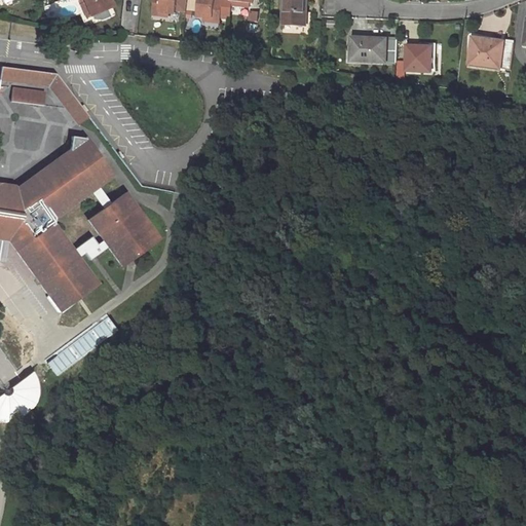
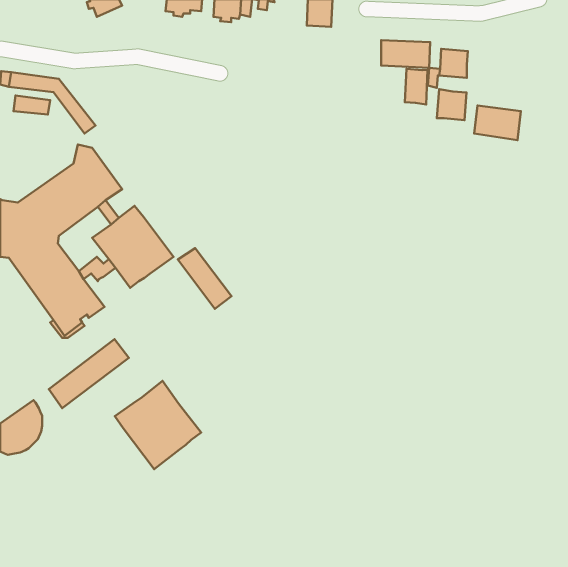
building: [471,38,514,70] -> [474,106,521,140]
building: none -> [405,69,428,104]
building: none -> [437,89,466,120]
building: none -> [178,248,231,309]
building: none -> [115,381,201,469]

